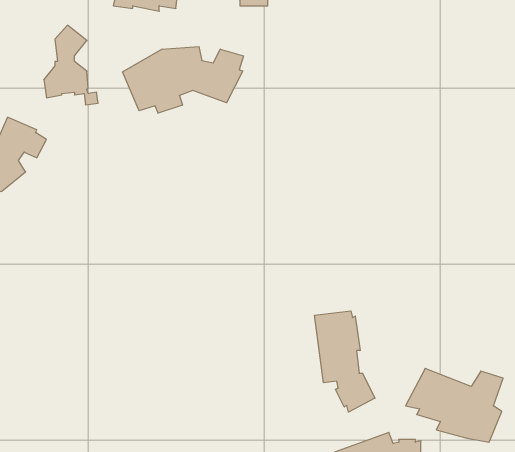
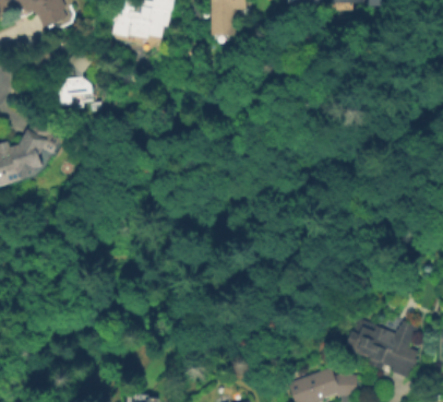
building: [123,47,244,113] -> none
building: [314,311,375,412] -> none

